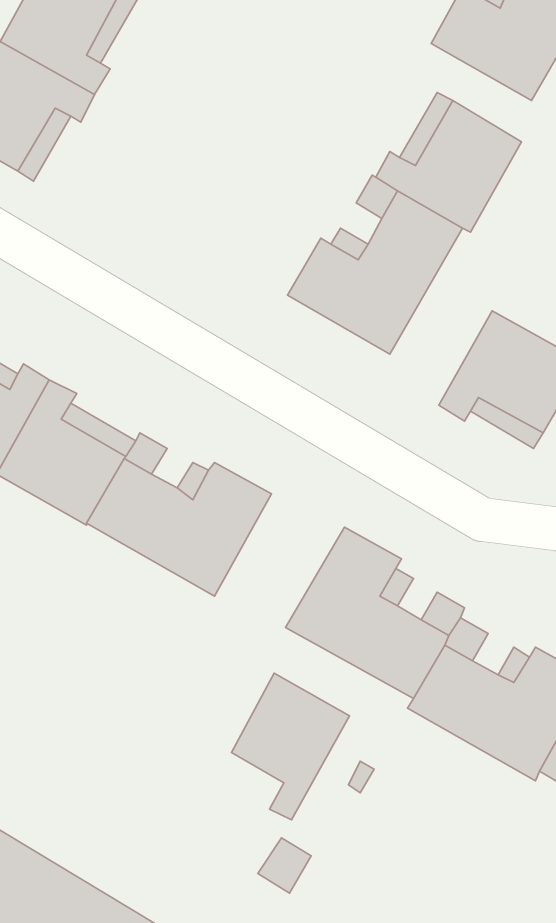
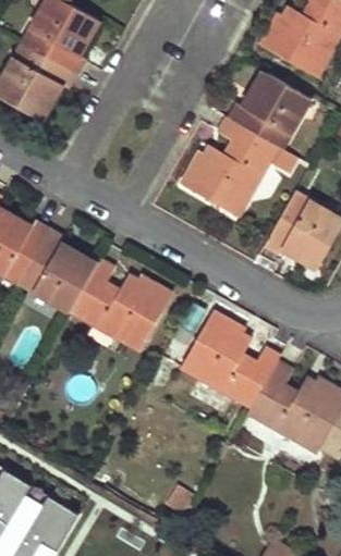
building: [231,673,349,820] -> none

